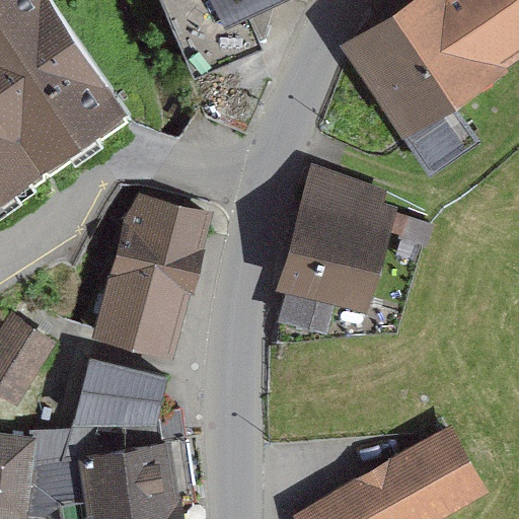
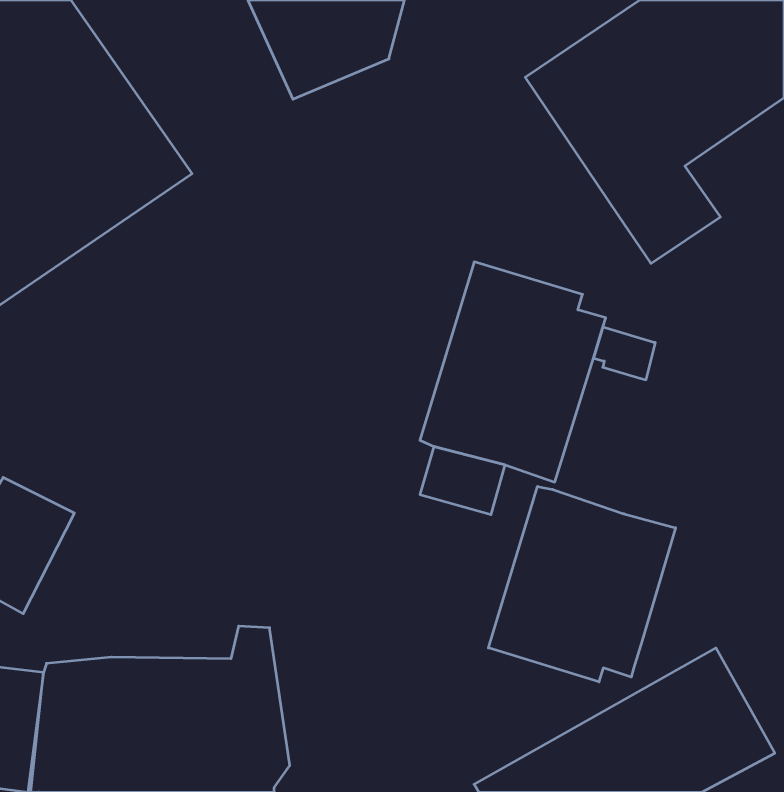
building: [89,194,210,362] -> none
building: none -> [488,486,676,682]
building: [72,358,163,431] -> none

